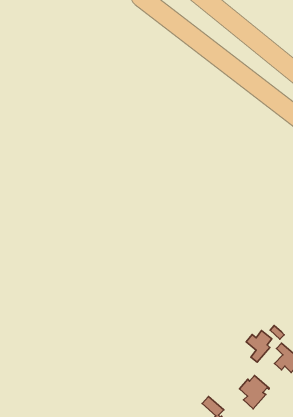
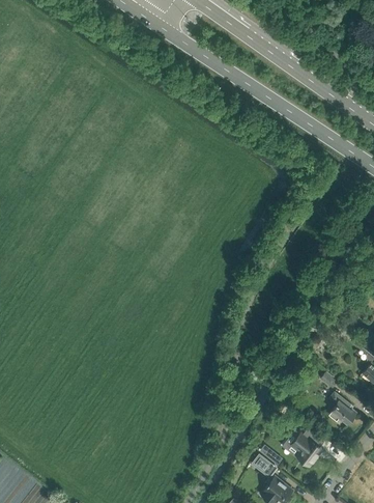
building: [246,331,272,362] -> none

